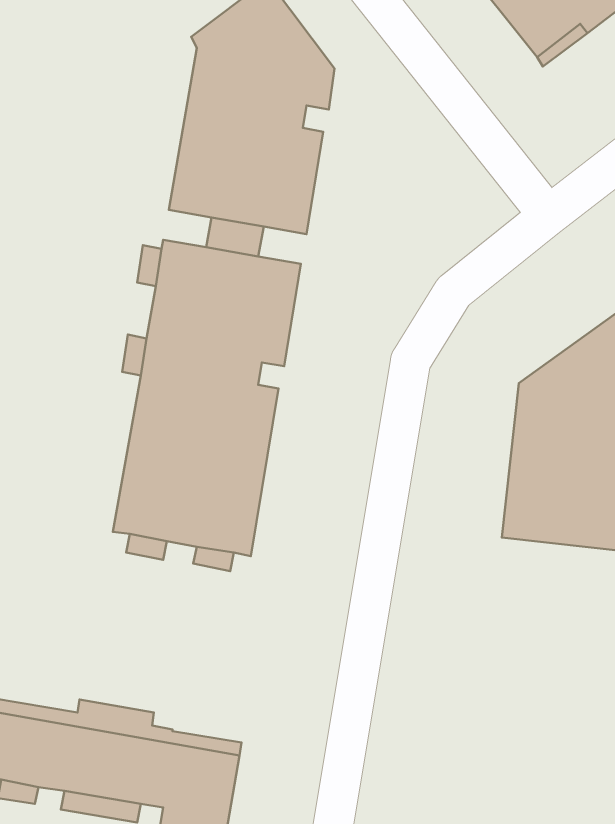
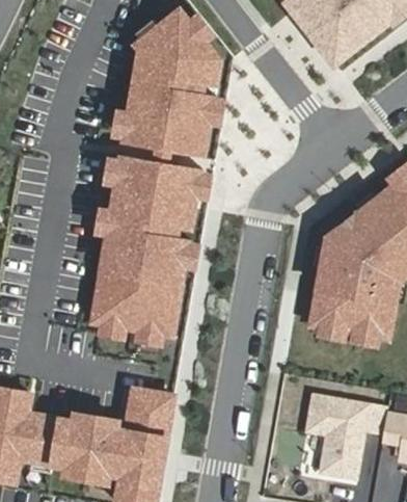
building: none -> [128,391,173,440]
building: none -> [306,394,370,479]

